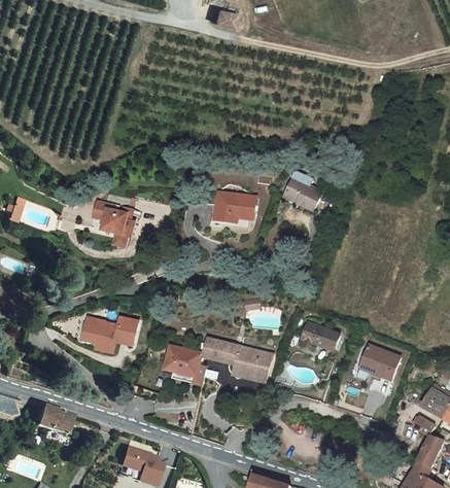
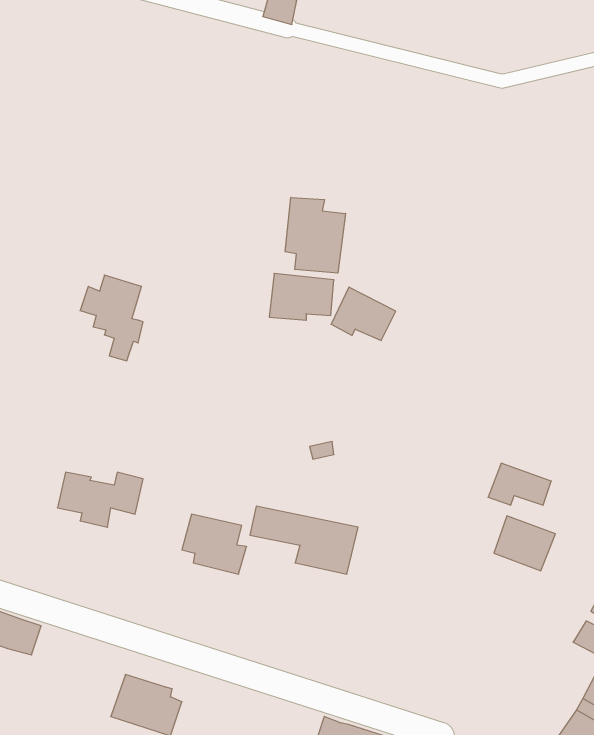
building: none -> [285,197,346,273]
building: [288,172,330,206] -> [331,287,396,340]
building: [299,323,339,350] -> [488,463,551,505]

